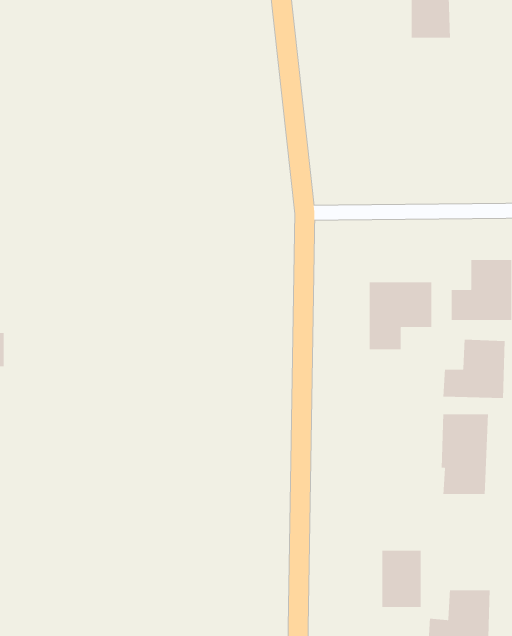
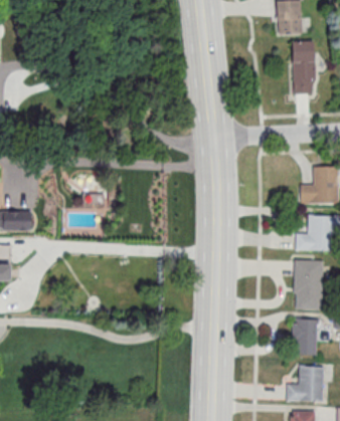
building: none -> [293,40,315,93]
building: [369,282,432,350] -> none
building: [382,550,421,608] -> [293,319,317,354]

